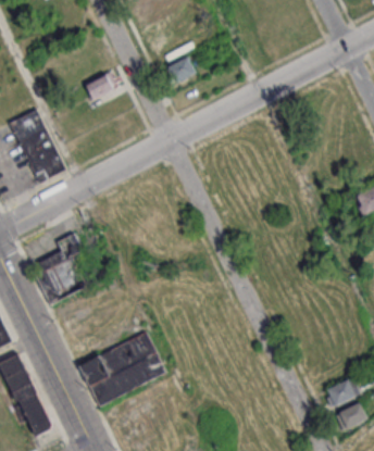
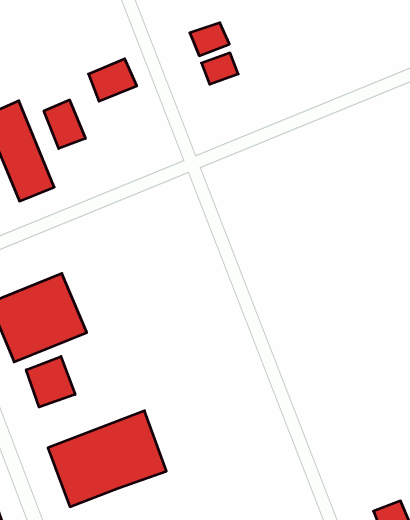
building: none -> [44,100,85,149]
building: none -> [26,356,75,407]

